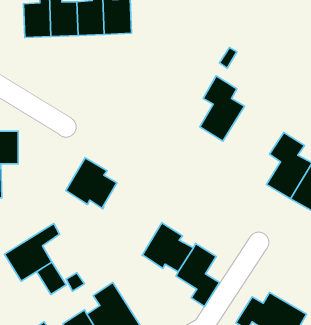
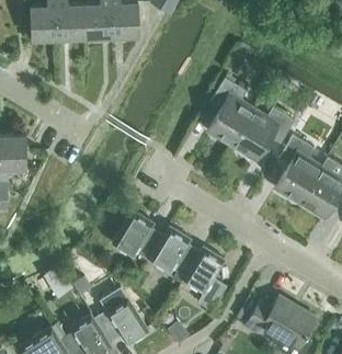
building: none -> [230,109,293,160]
building: [66,158,117,209] -> [112,210,163,262]
building: [4,223,60,281] -> none

